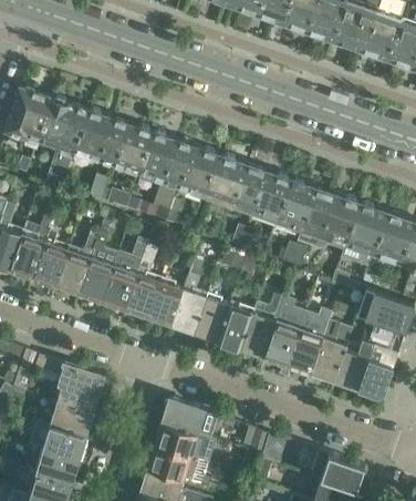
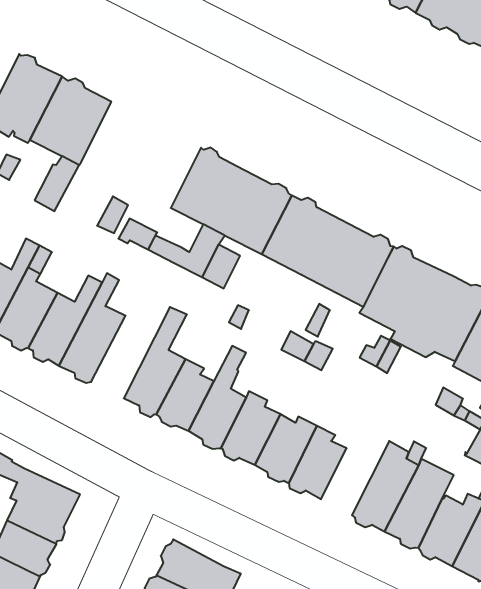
building: [72,110,150,176] -> none
building: [100,239,145,308] -> none
building: [264,298,304,366] -> none

